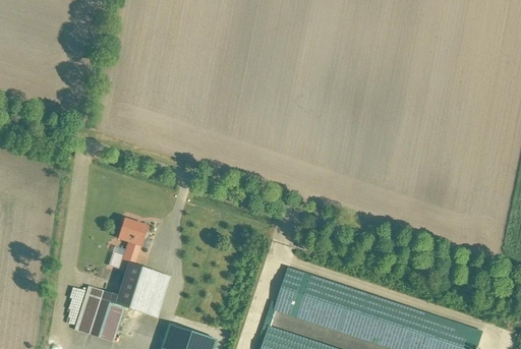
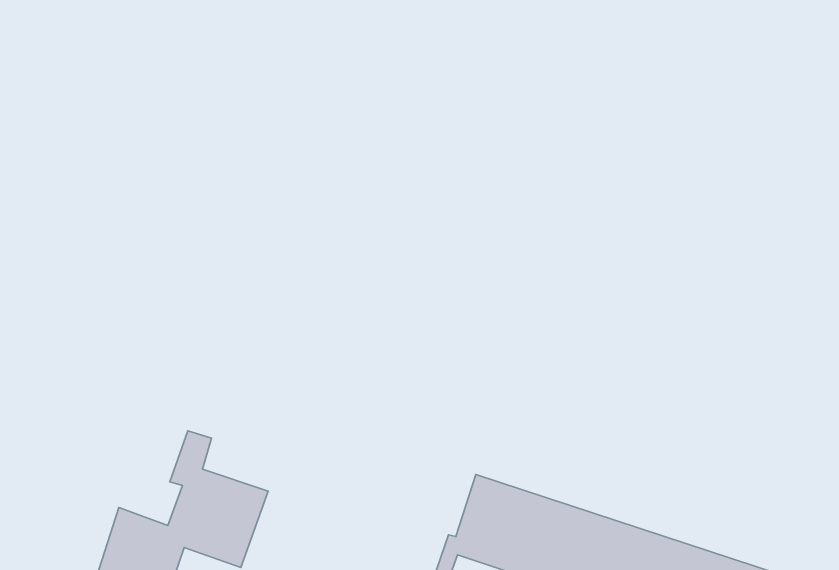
building: [118,217,149,247] -> none

